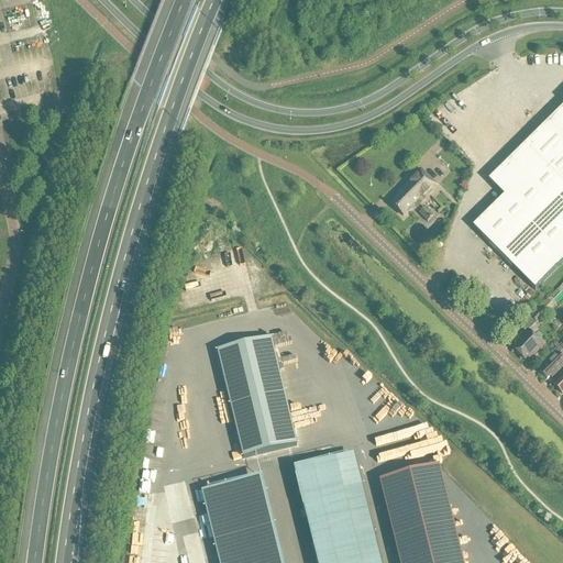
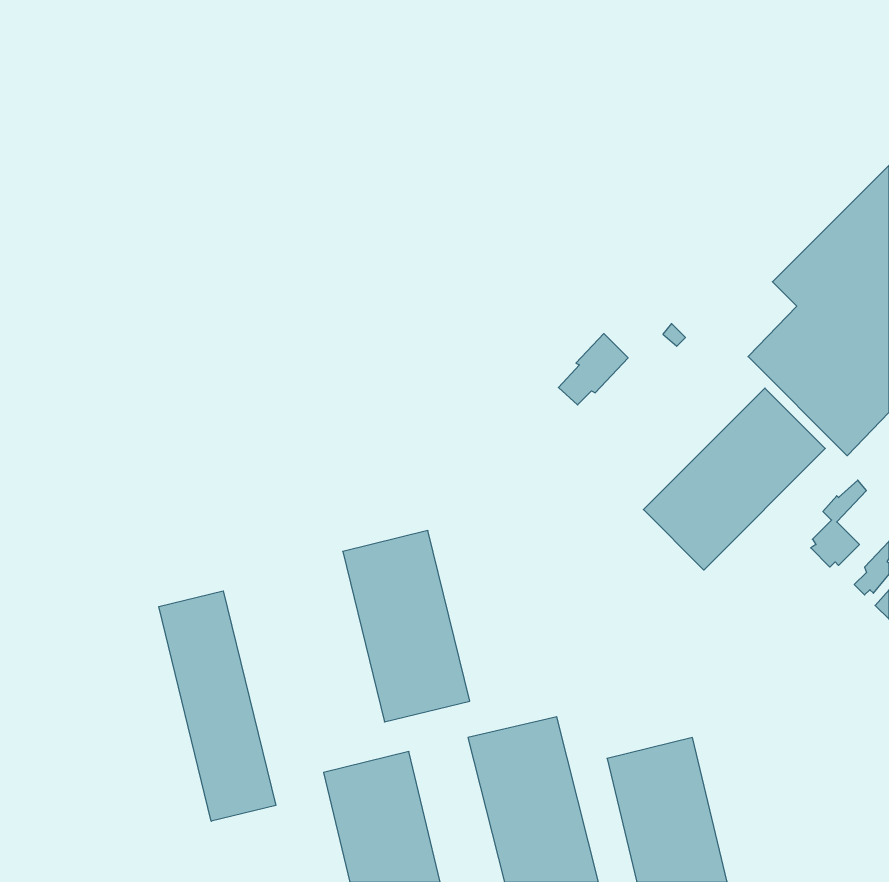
building: [391,168,435,213] -> [558,334,628,405]
building: none -> [643,388,825,570]
building: none -> [159,591,276,821]

